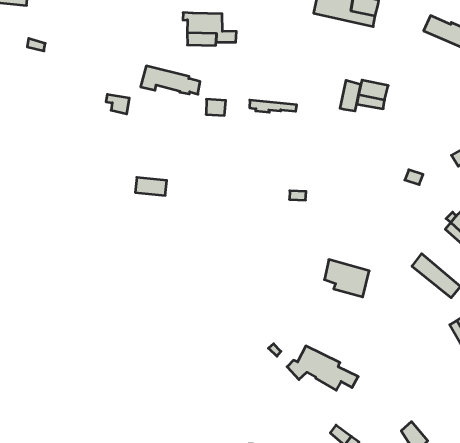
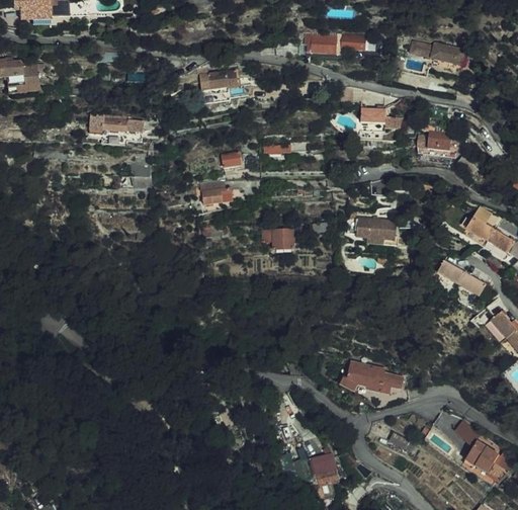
building: [141,66,200,94] -> [85,112,140,134]
building: [340,80,361,111] -> none
building: none -> [417,131,452,151]
building: [135,177,167,195] -> [203,184,233,200]
building: none -> [262,228,295,248]
building: [324,260,369,297] -> [358,217,399,246]

